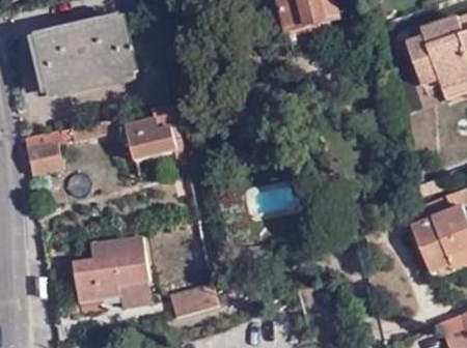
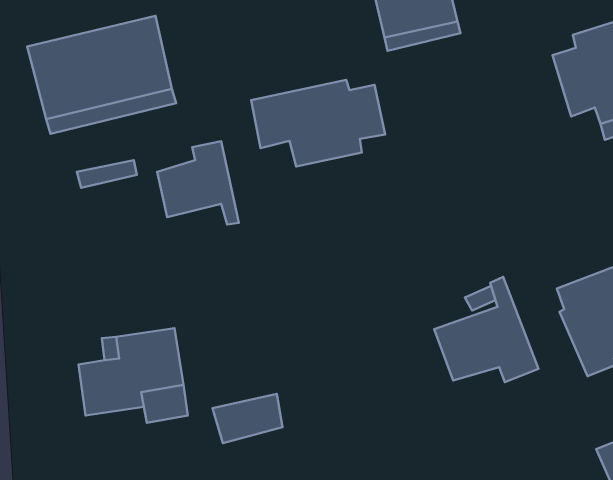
building: none -> [251,80,385,167]
building: [23,128,61,172] -> none
building: none -> [434,277,538,382]

